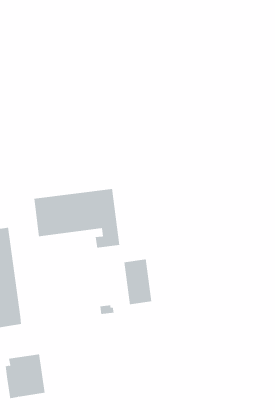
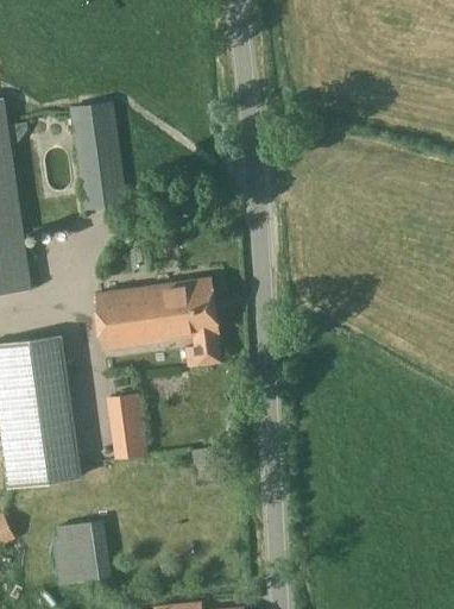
building: none -> [70,102,127,208]
building: [124,259,152,305] -> [107,393,149,459]

